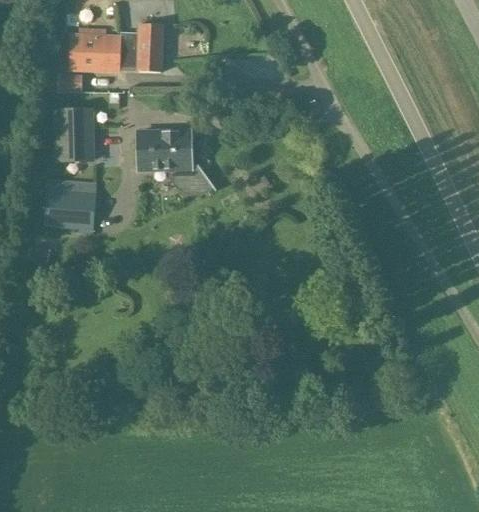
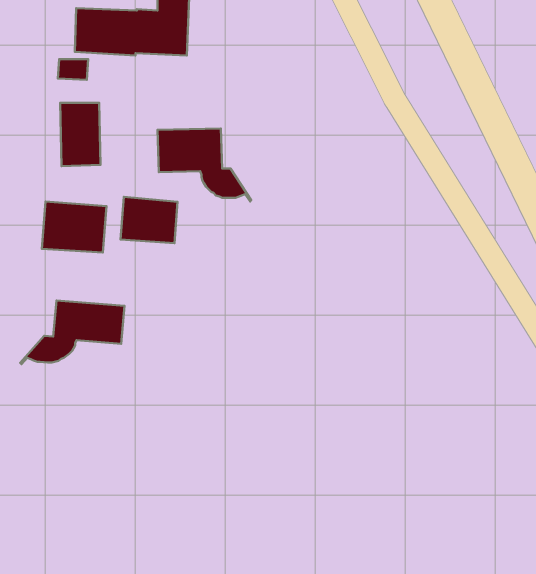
building: none -> [121,197,178,243]
building: none -> [20,300,124,364]

